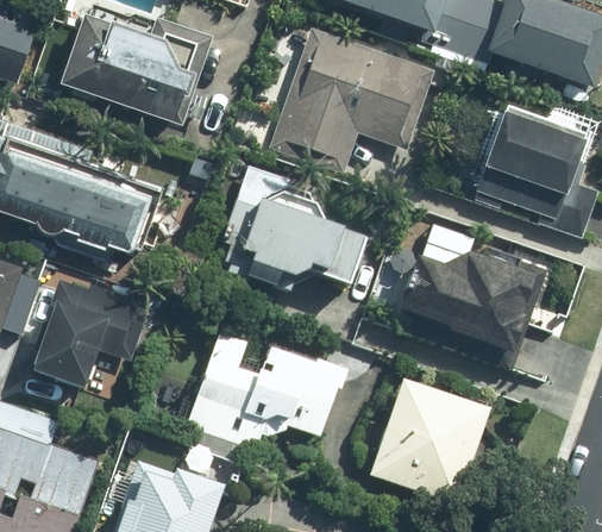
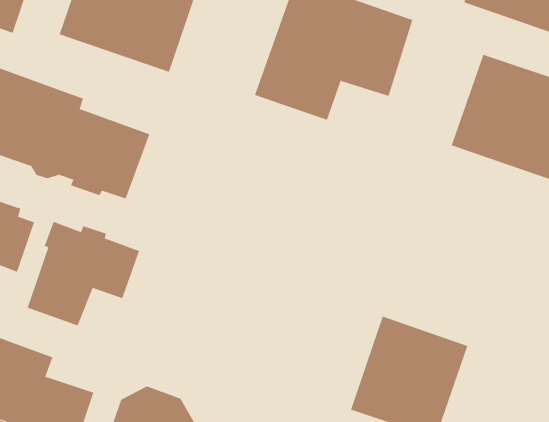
building: [209,162,366,293] -> none
building: [397,240,548,370] -> none
building: [184,331,344,450] -> none

